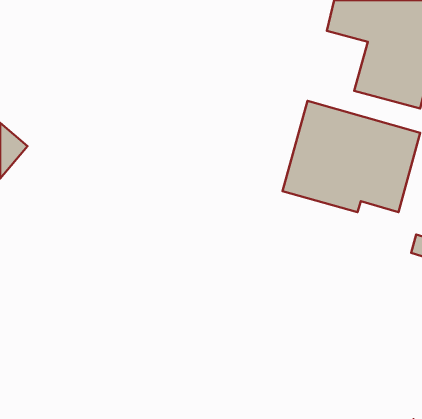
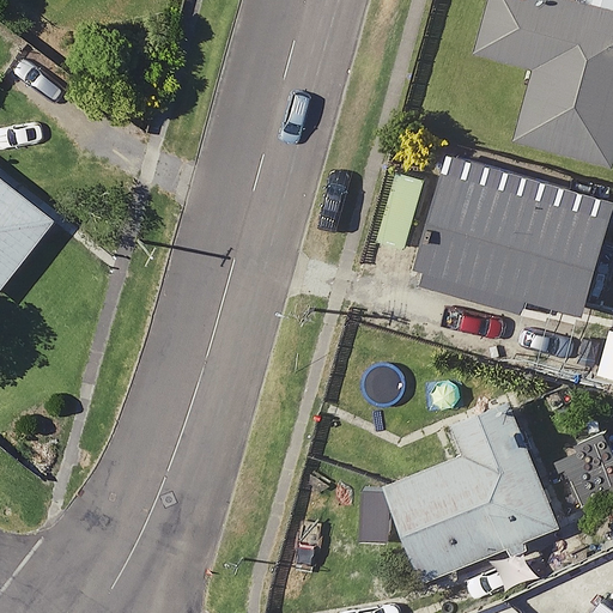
building: none -> [380,399,558,583]

